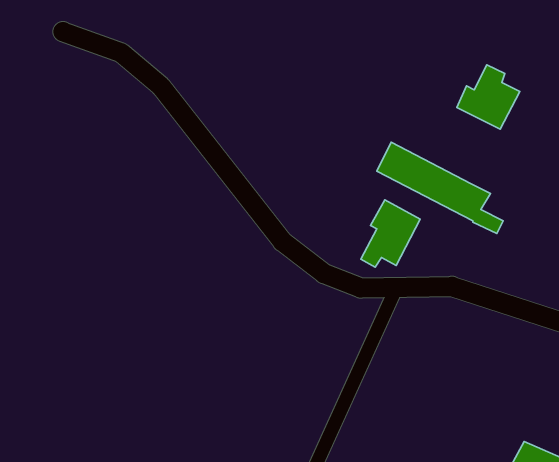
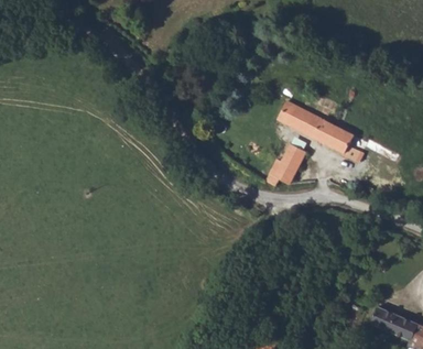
building: [457,65,520,129] -> none

